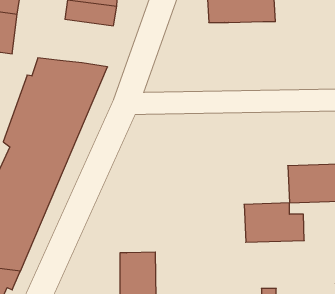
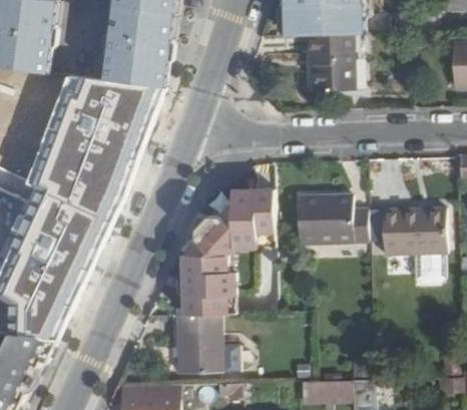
building: none -> [103,32,168,90]
building: none -> [309,35,351,91]
building: none -> [182,191,272,317]
building: [244,203,304,242] -> [295,195,368,244]

